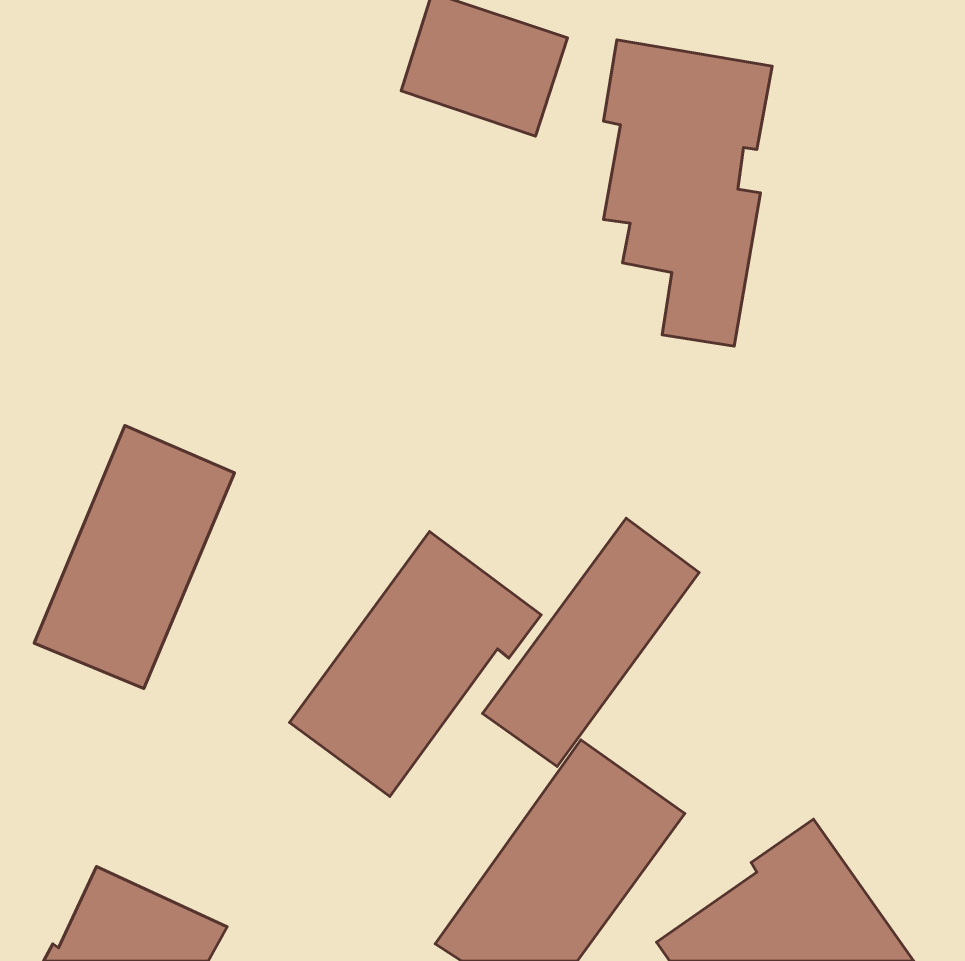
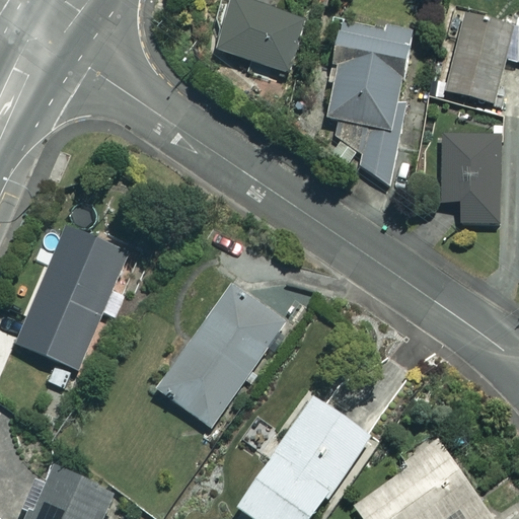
building: none -> [446,13,512,102]
building: none -> [440,136,500,223]
building: [483,518,699,766] -> none

